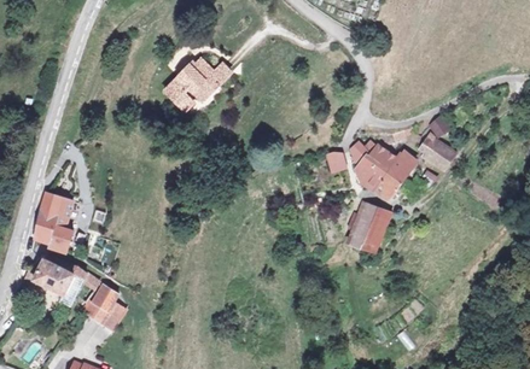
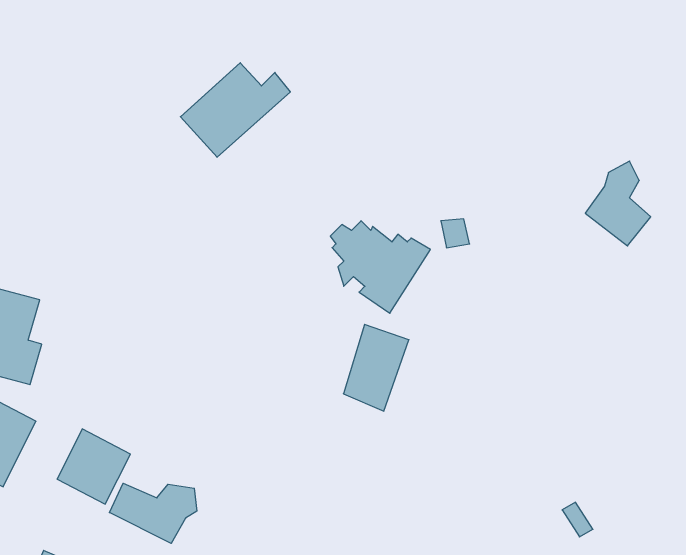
building: [349,137,412,195] -> [330,221,430,313]
building: [349,199,390,253] -> [343,324,409,411]
building: none -> [109,483,197,543]

